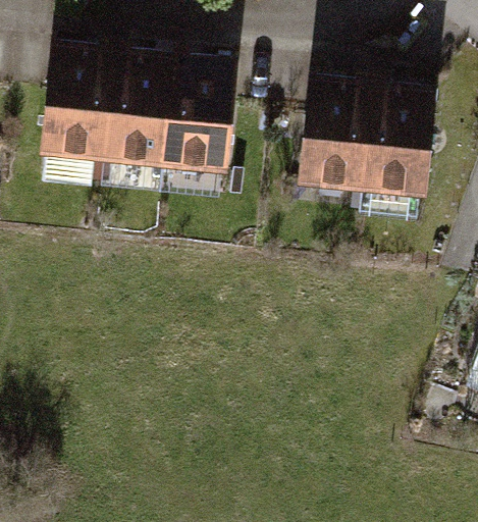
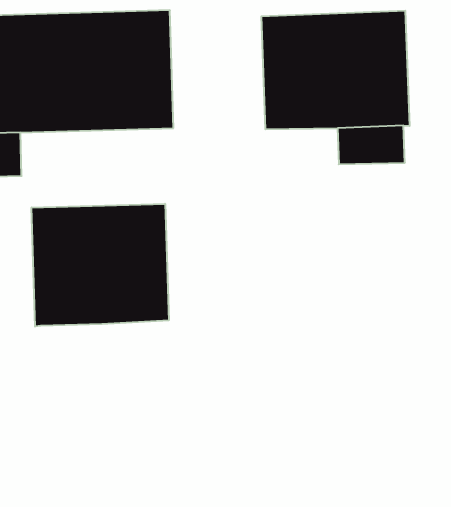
building: none -> [32,204,169,327]

